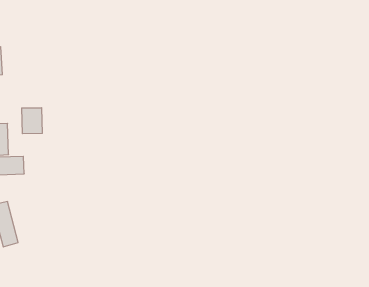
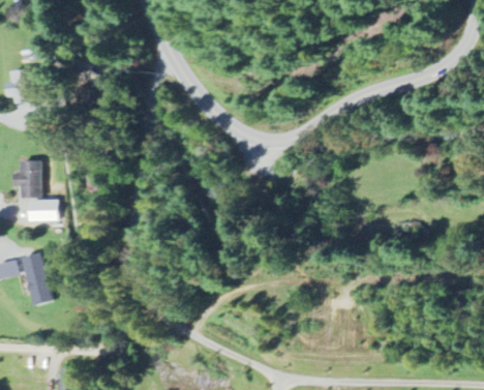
building: [22,108,42,134] -> none

